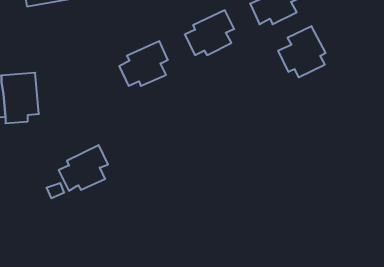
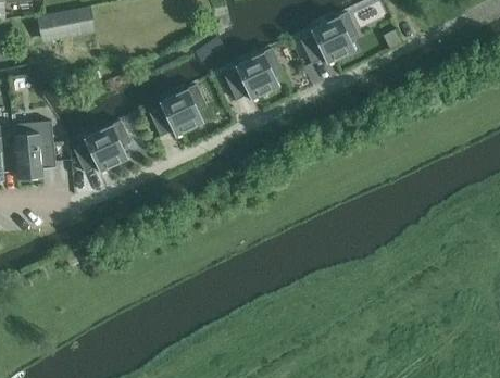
building: [278,26,326,77] -> none
building: [59,145,108,191] -> [73,118,130,172]

